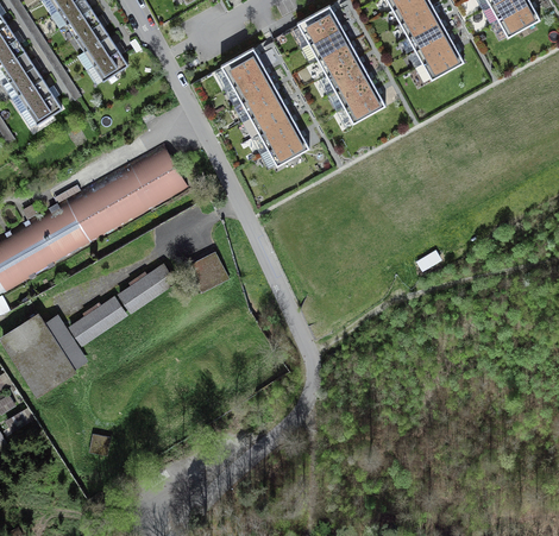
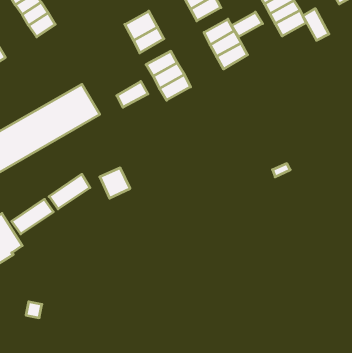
building: [316,43,358,76] -> [231,12,263,37]
building: none -> [303,9,329,40]
building: [240,84,282,119] -> [117,81,148,107]

